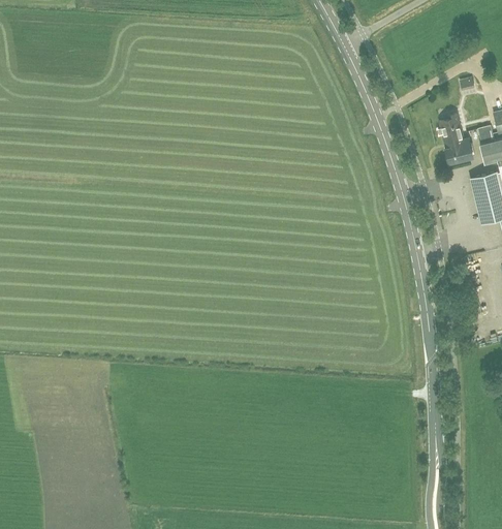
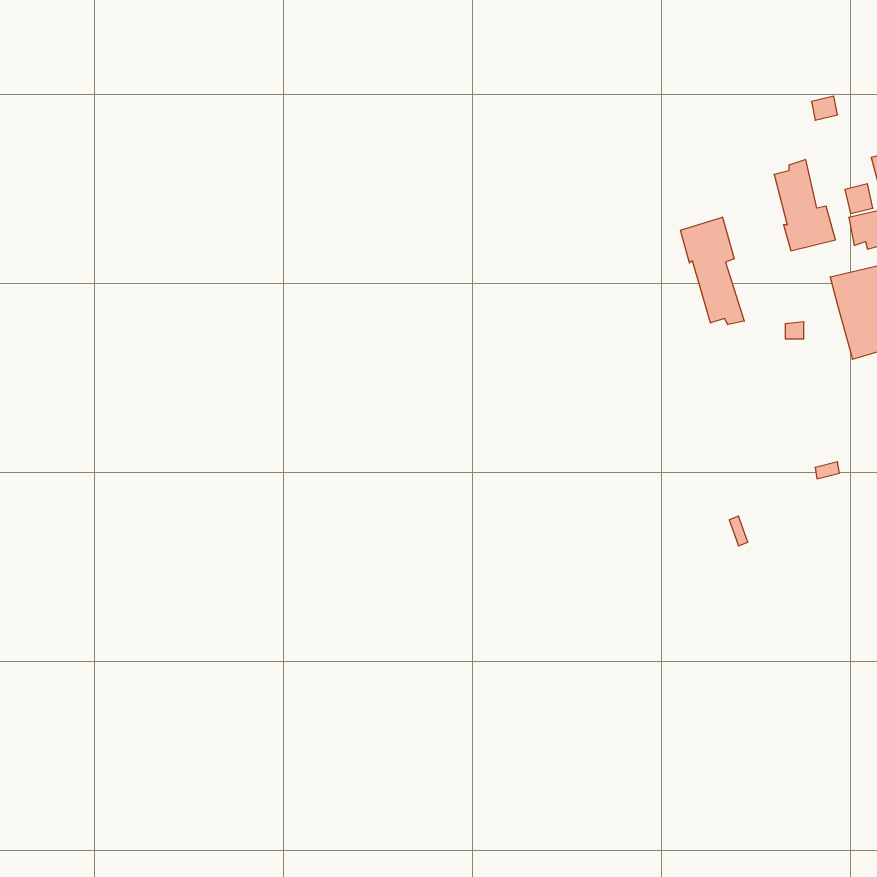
building: none -> [681,217,744,325]

